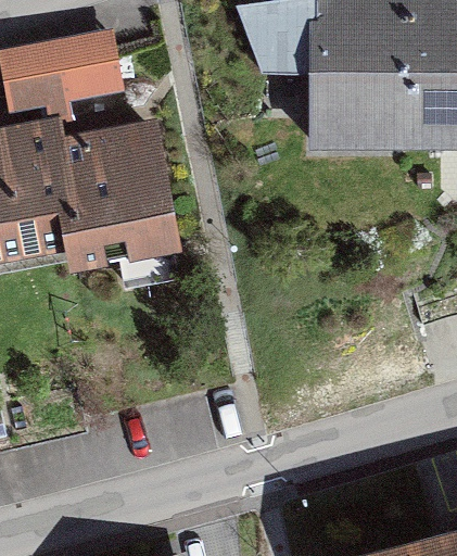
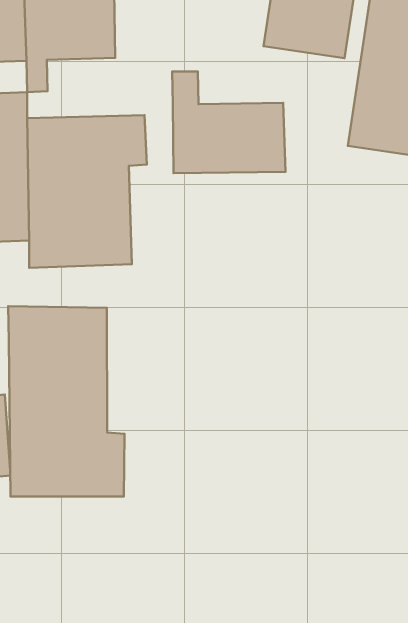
building: none -> [172,72,285,173]
building: none -> [8,306,124,496]

